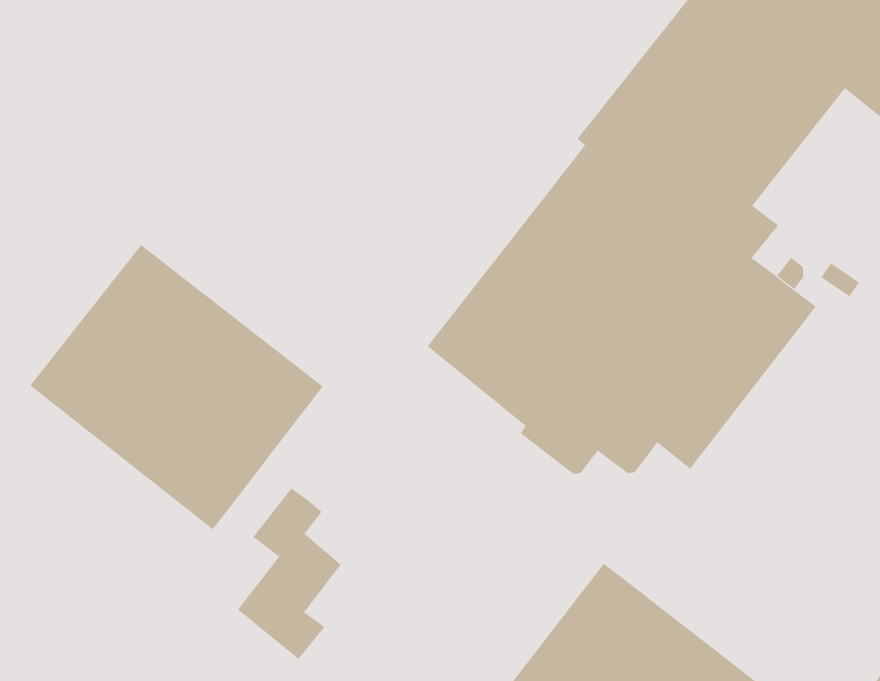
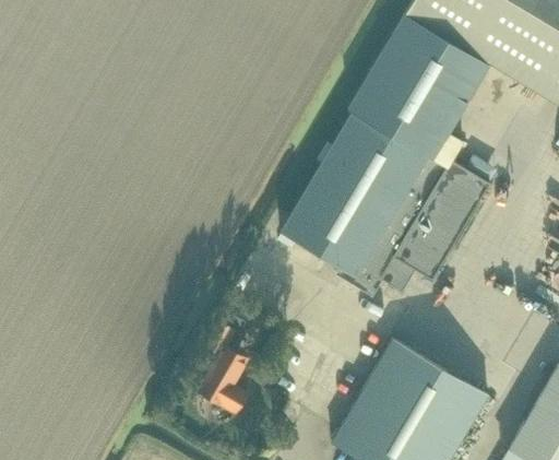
building: [29,244,323,530] -> none

